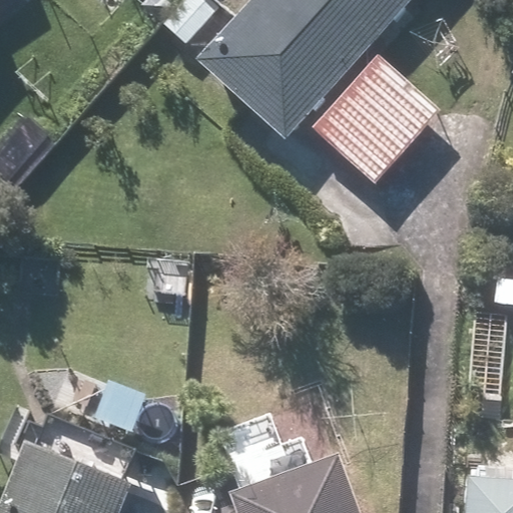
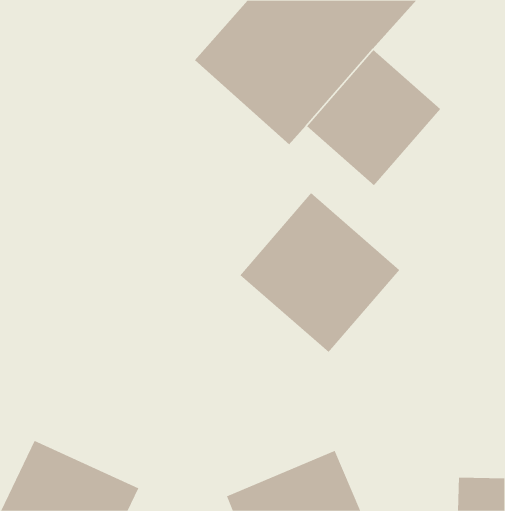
building: none -> [240,192,400,353]

